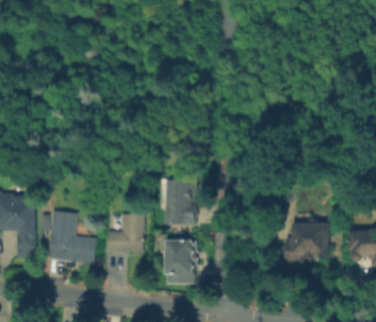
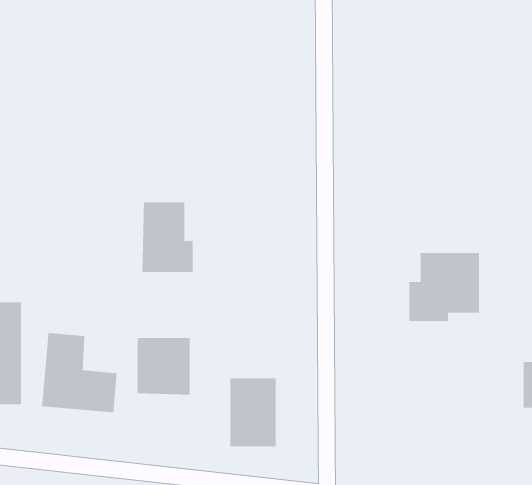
building: [162,177,195,221] -> [142,201,193,273]
building: [281,221,325,264] -> [408,252,480,322]

